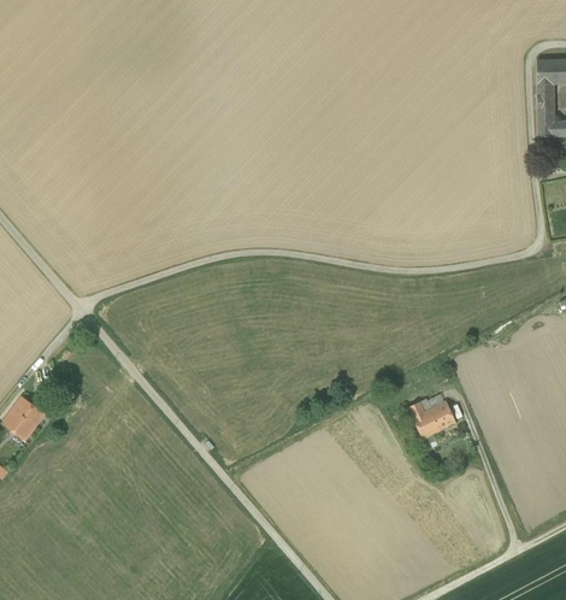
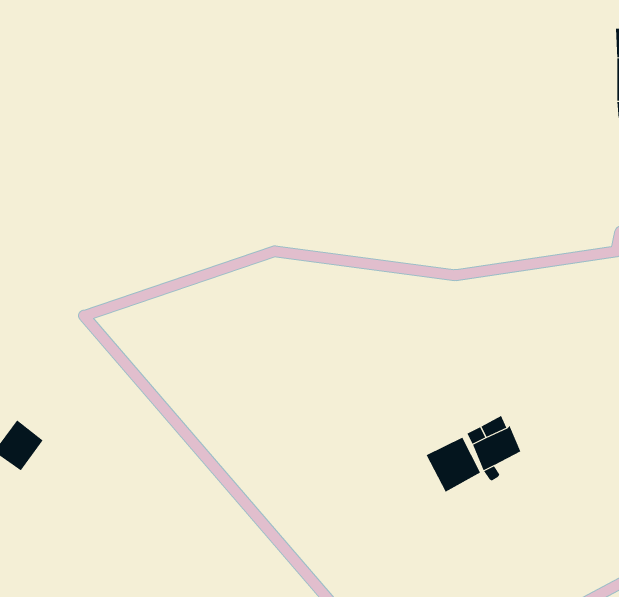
building: none -> [426,437,481,493]

